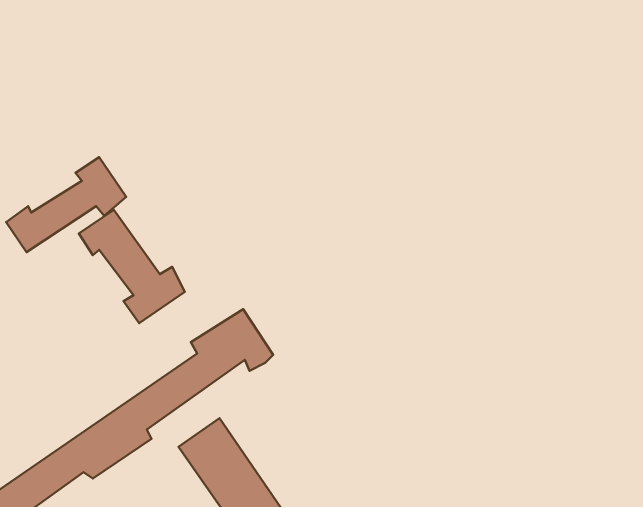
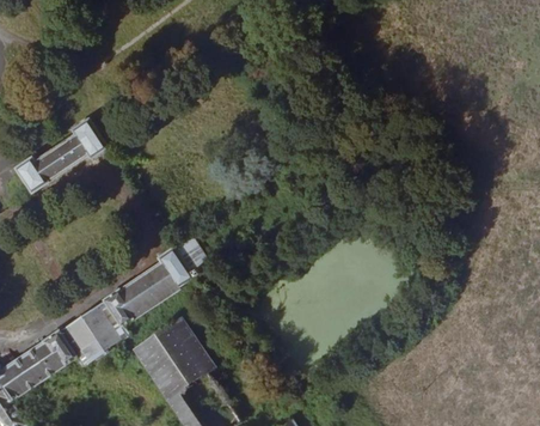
building: [79,210,185,323] -> none

